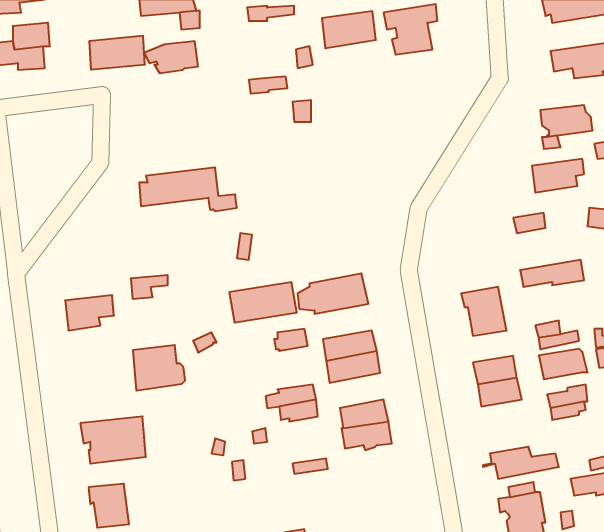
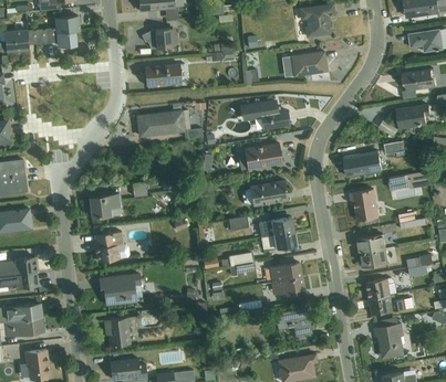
building: [322,11,376,48] -> [291,52,326,76]
building: [89,36,145,70] -> [145,64,181,86]
building: none -> [241,102,289,129]
building: none -> [343,151,382,177]
building: [229,282,297,323] -> [238,144,282,170]
building: [133,345,185,391] -> [95,232,129,262]
building: [539,349,588,379] -> [365,278,397,298]
building: none -> [274,308,312,340]

